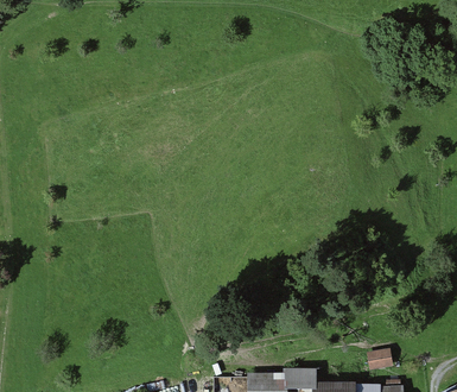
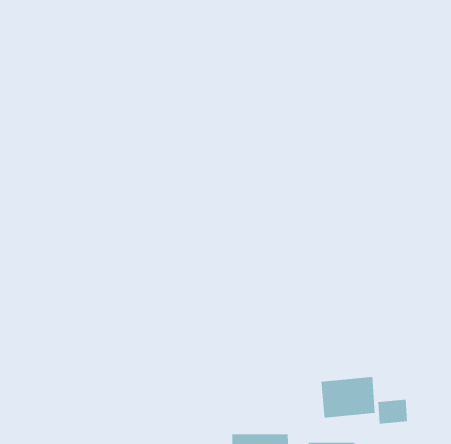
building: none -> [321,376,375,418]

